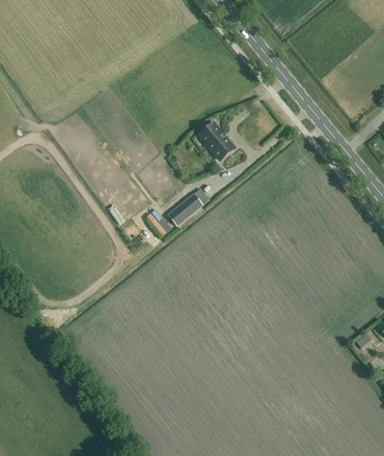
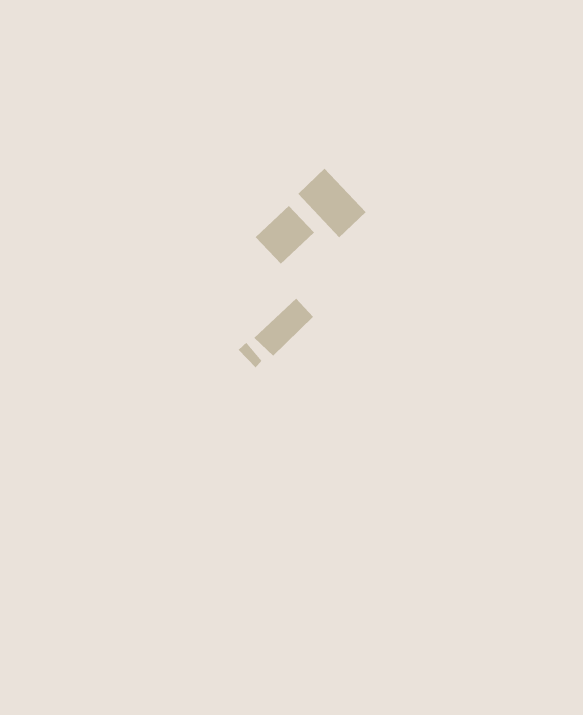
building: none -> [255,205,315,265]

